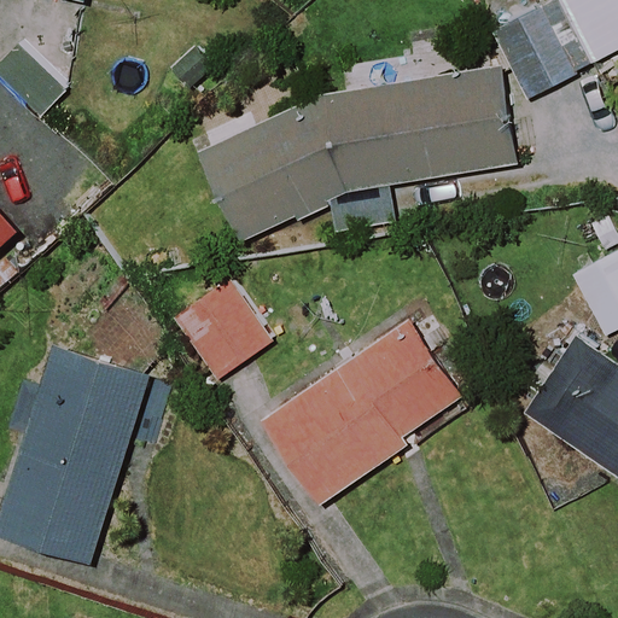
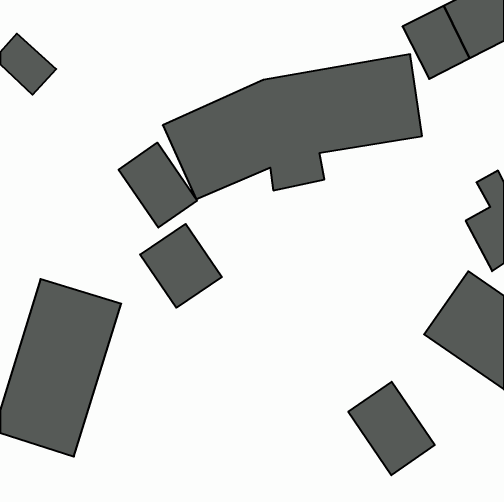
building: none -> [119,143,197,228]
building: [261,315,464,501] -> none
building: none -> [348,382,435,475]

